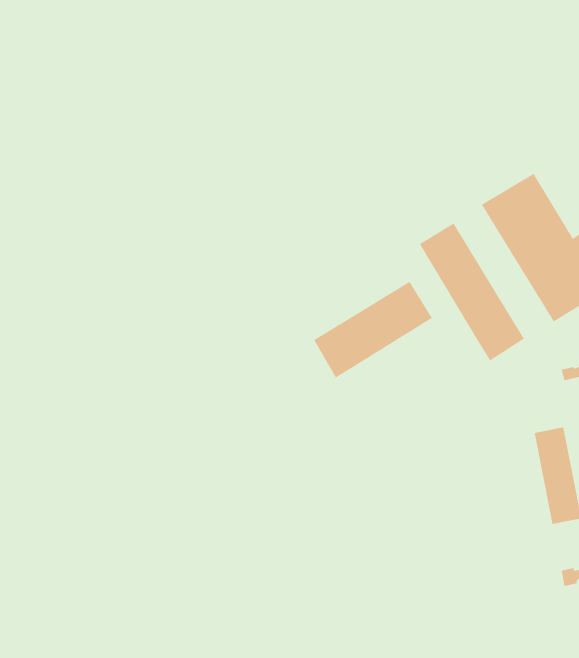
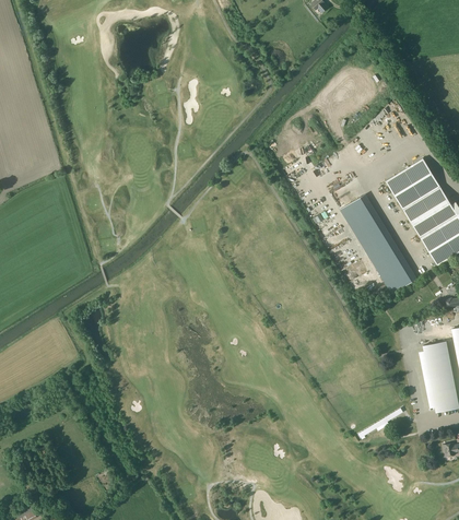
building: [313,281,433,378] -> none

